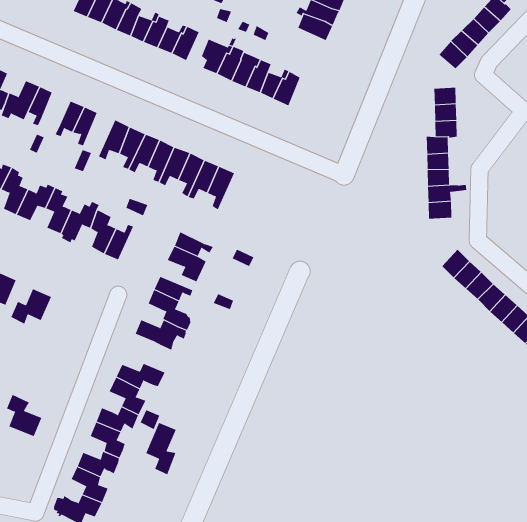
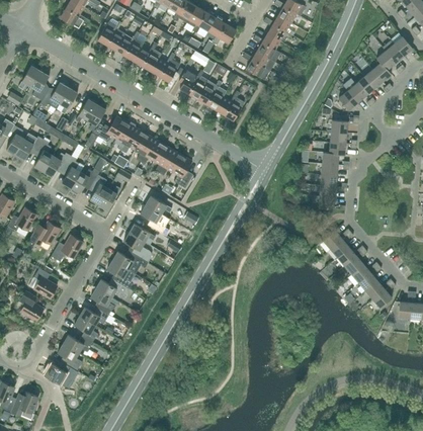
building: none -> [51,235,83,261]
building: none -> [107,260,136,288]
building: none -> [33,268,57,297]
building: [145,422,177,475] -> none

